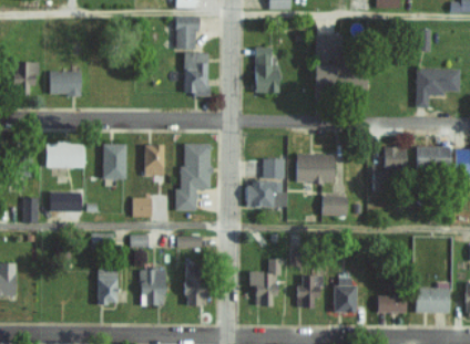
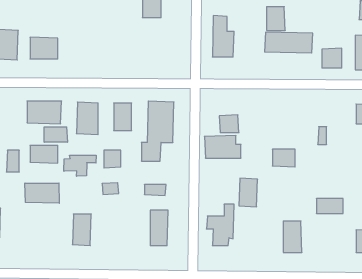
building: [184,53,210,95] -> none
building: [385,147,407,169] -> [322,48,342,68]
building: [297,154,335,183] -> none
building: none -> [44,127,67,142]
building: none -> [64,155,96,176]
building: none -> [25,183,59,203]
building: [141,270,165,306] -> none
building: [298,275,319,307] -> [239,178,258,207]
building: [378,296,408,313] -> [316,199,343,213]

